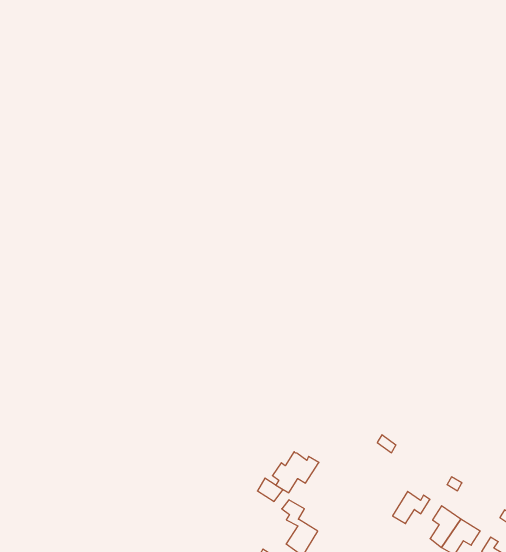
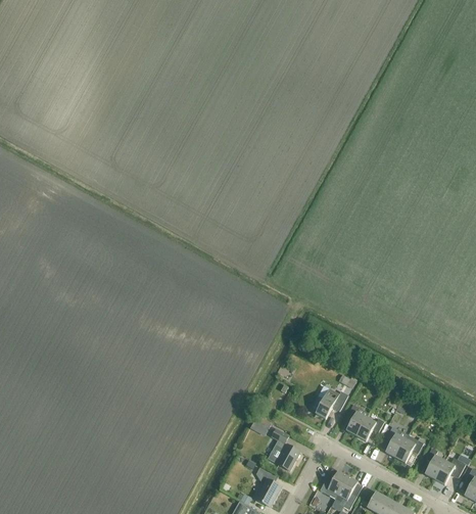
building: [272,452,319,493] -> [313,387,347,419]
building: none -> [346,405,369,436]

